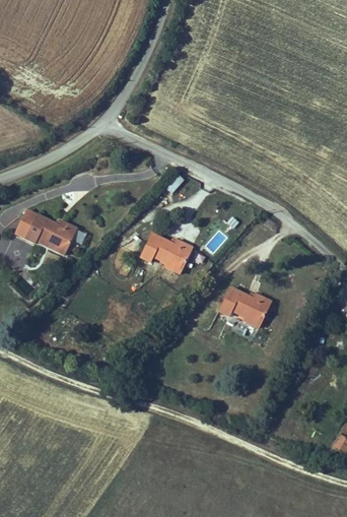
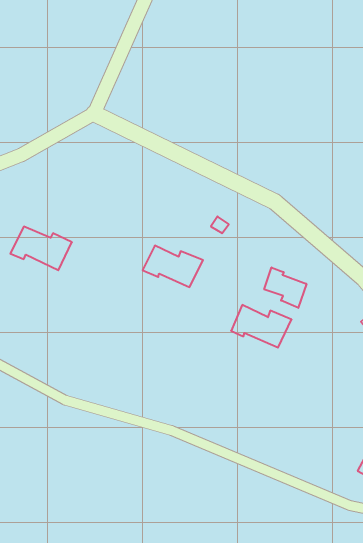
building: none -> [264,267,306,308]

